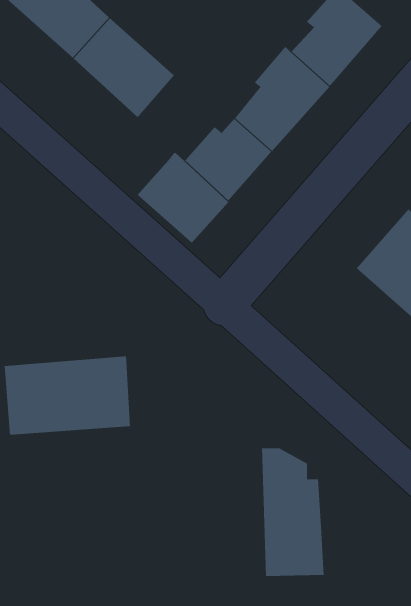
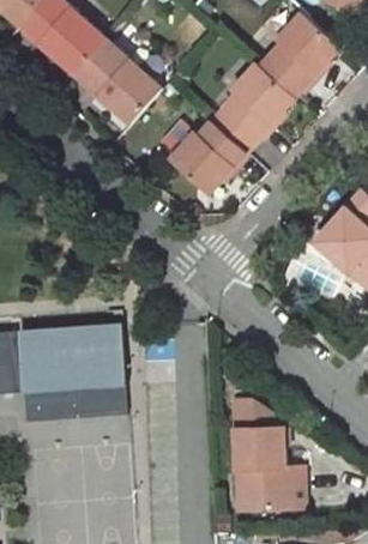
building: [137,152,229,243] -> none
building: none -> [23,385,126,422]

